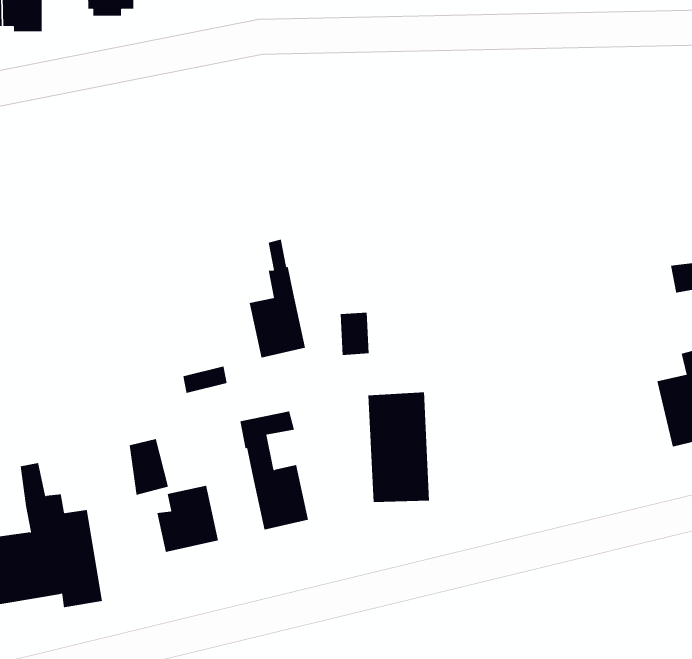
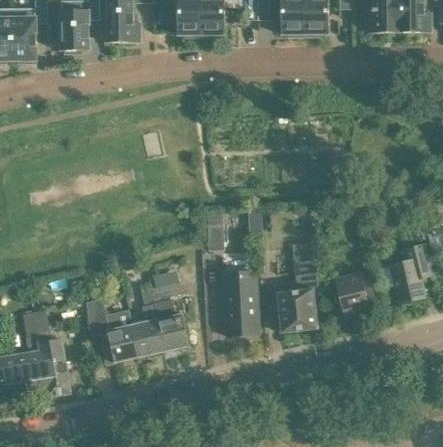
building: [249,239,306,358] -> [130,287,163,356]
building: none -> [276,243,318,332]
building: none -> [334,270,374,316]

